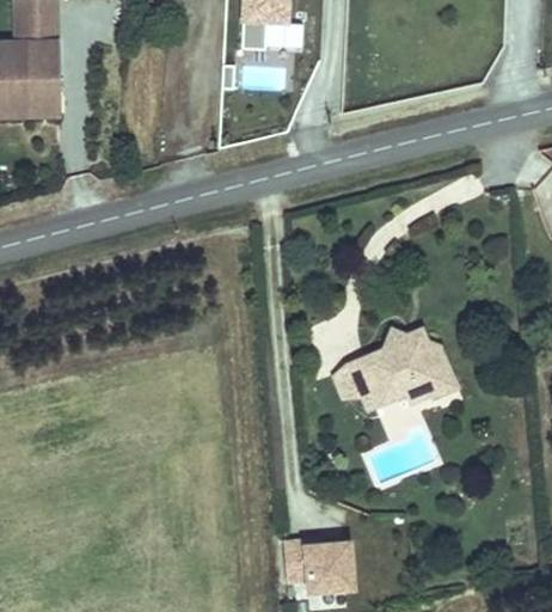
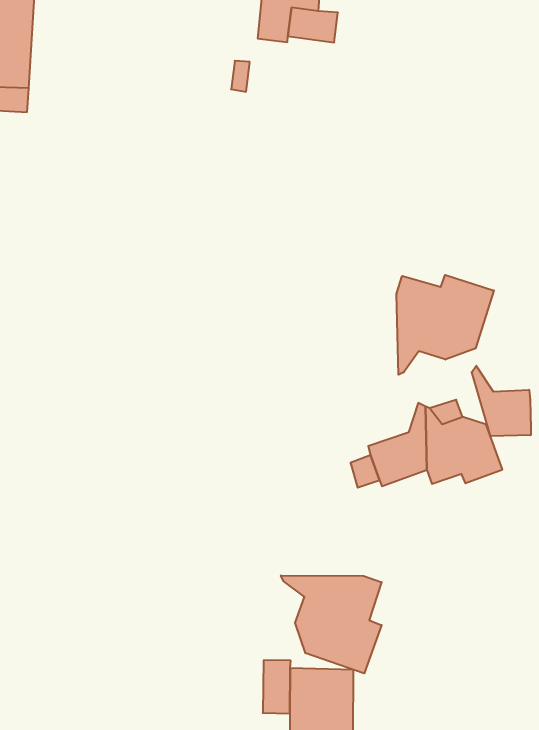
building: none -> [397,275,494,375]
building: none -> [472,366,531,436]
building: none -> [281,575,382,673]

